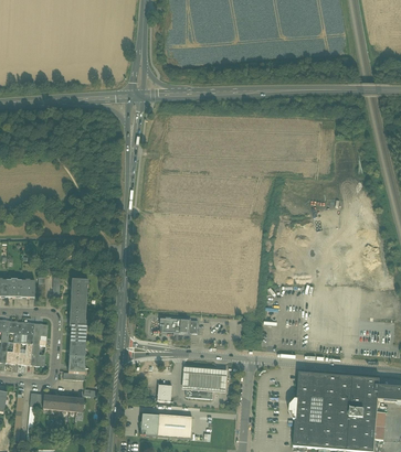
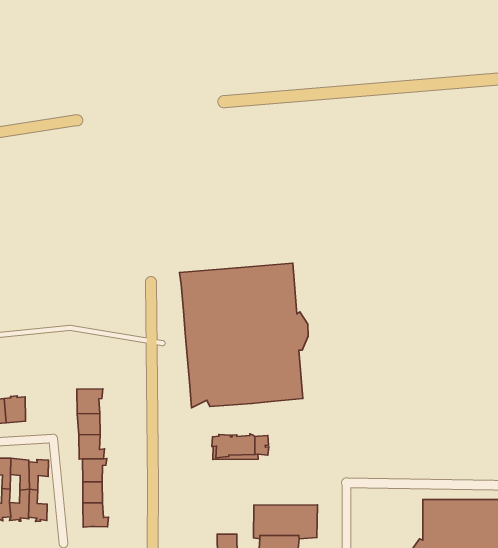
building: none -> [180,263,308,408]

